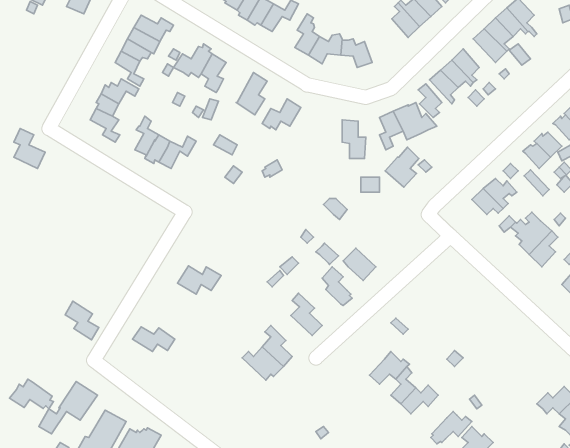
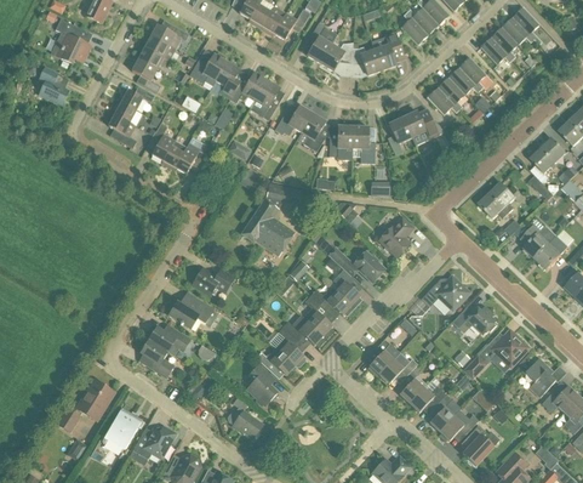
building: none -> [55,18,91,63]
building: none -> [370,33,406,70]
building: none -> [229,73,265,109]
building: none -> [301,114,325,152]
building: none -> [327,126,351,159]
building: [14,129,45,168] -> [38,67,68,106]
building: [385,147,419,187] -> [378,217,411,256]
building: none -> [241,182,299,255]
building: none -> [422,278,467,308]
building: none -> [309,286,353,316]
building: none -> [168,299,215,328]
building: [65,301,99,340] -> [141,340,173,377]
building: none -> [451,307,495,334]
building: none -> [282,316,325,346]
building: none -> [462,331,526,380]
building: none -> [366,340,399,377]
building: none -> [524,358,554,397]
building: none -> [246,364,276,407]
building: [9,379,53,409] -> none
building: none -> [429,394,461,432]
building: none -> [225,398,263,438]

